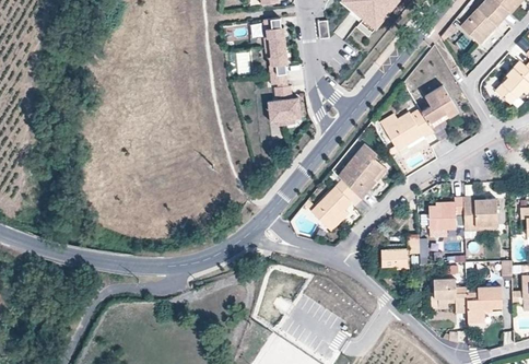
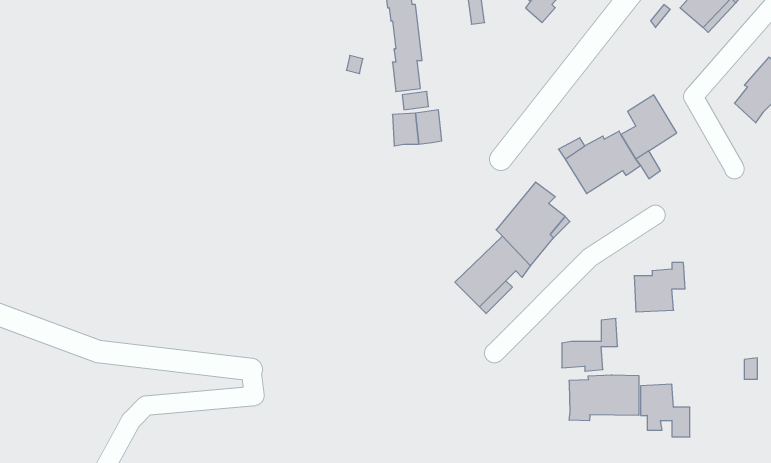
building: [462,196,497,231] -> none
building: none -> [569,375,639,421]
building: [467,286,502,315] -> none

